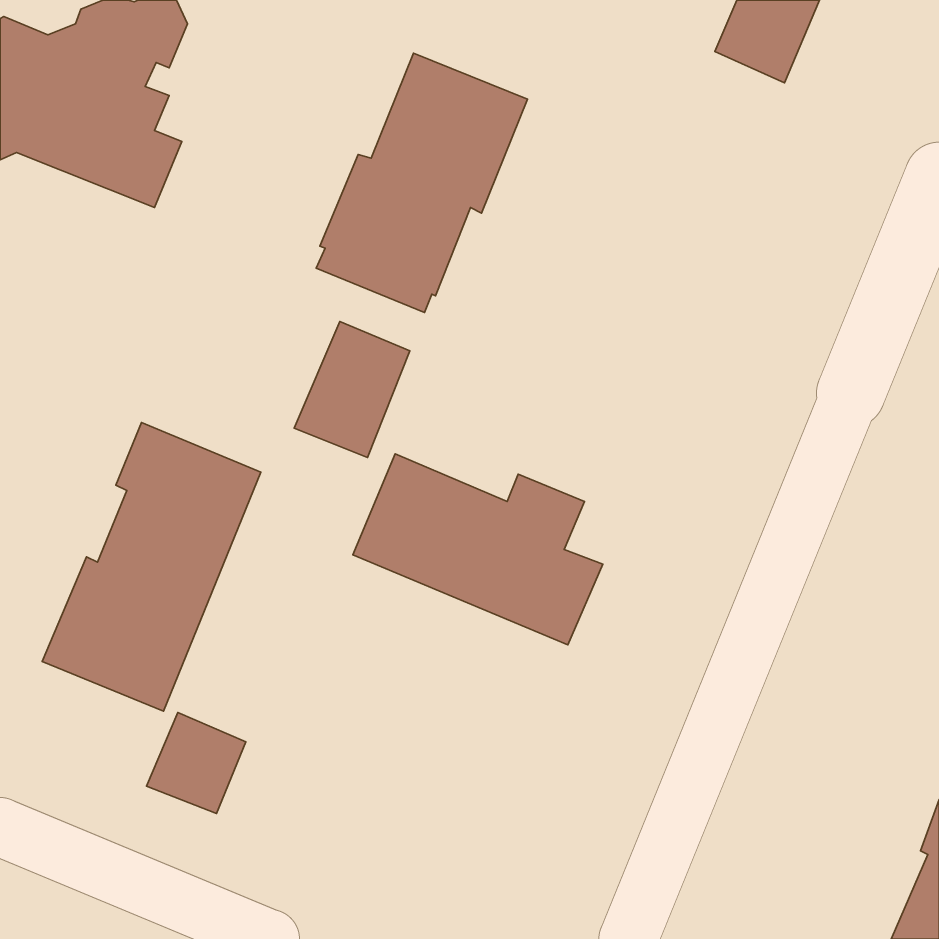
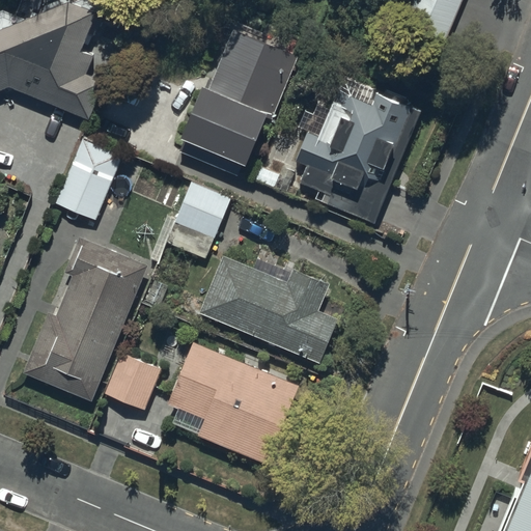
building: none -> [297,78,420,224]
building: none -> [55,136,123,220]
building: none -> [169,342,301,466]
building: [147,713,246,814] -> [105,352,161,409]

